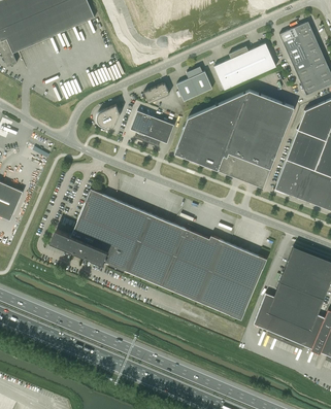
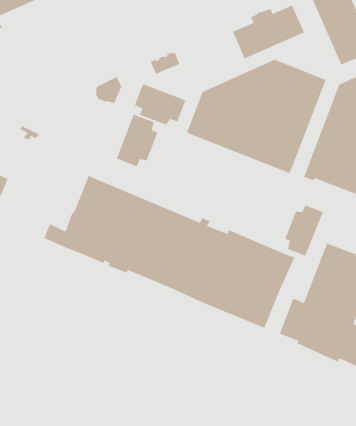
building: [176,67,212,101] -> none
building: none -> [116,114,158,167]
building: none -> [285,204,323,257]

